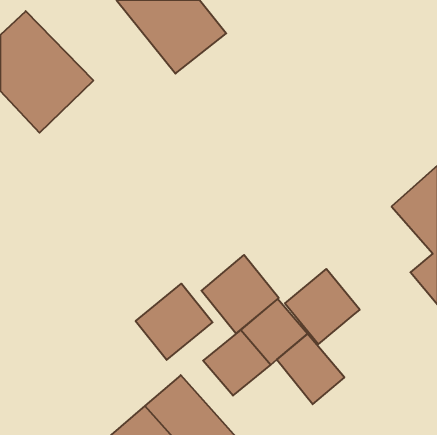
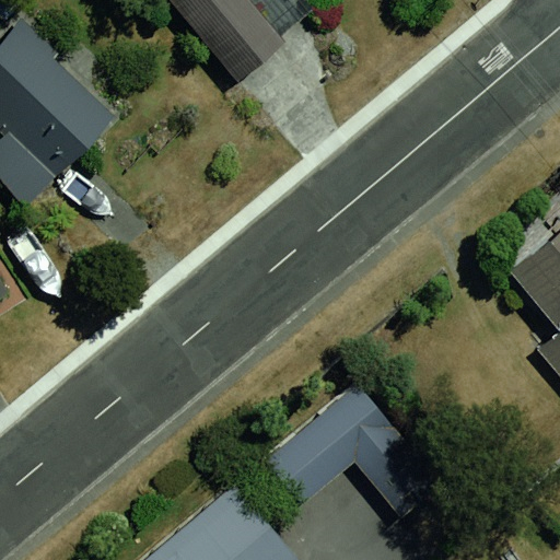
building: [201,255,279,334] -> none
building: [285,269,360,344] -> none
building: [136,284,213,360] -> none

